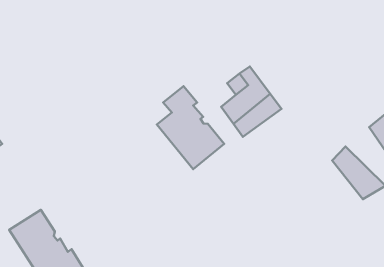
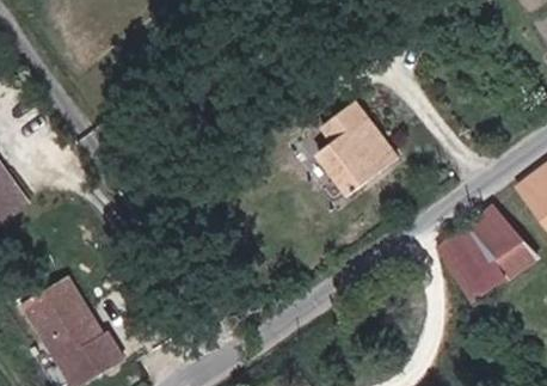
building: [157,86,224,169] -> none
building: none -> [441,226,514,300]

